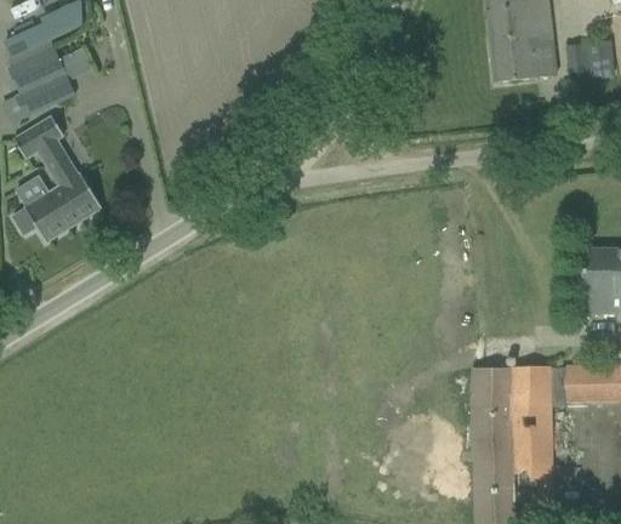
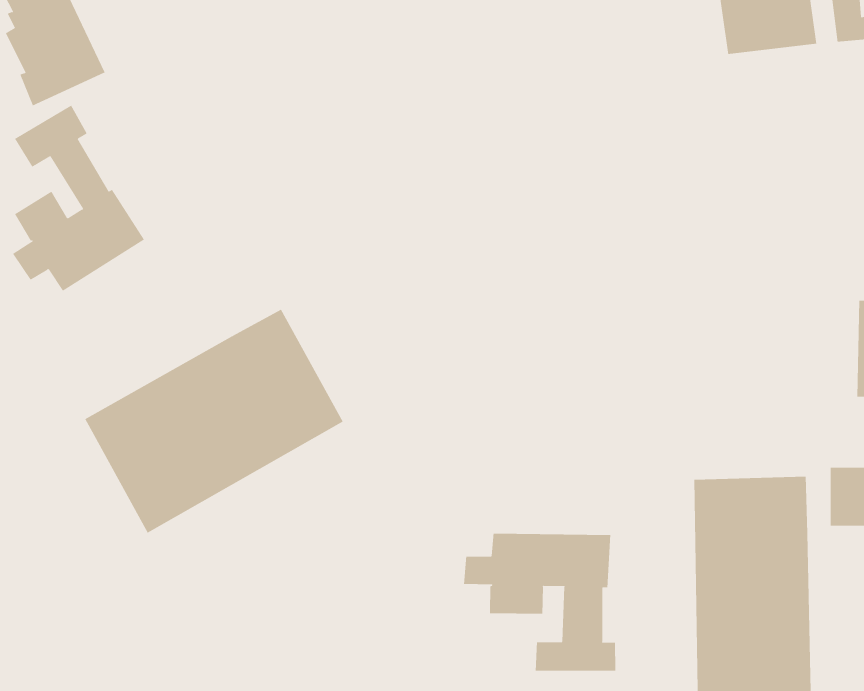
building: none -> [84,309,343,533]
building: none -> [463,533,616,672]

